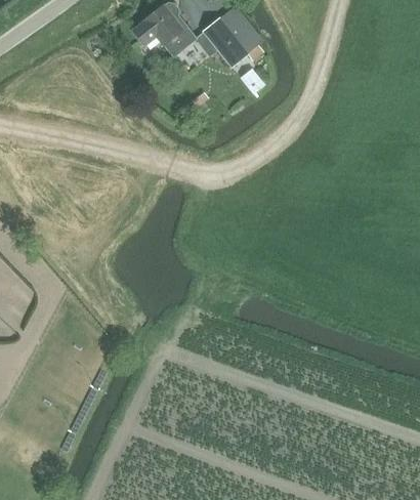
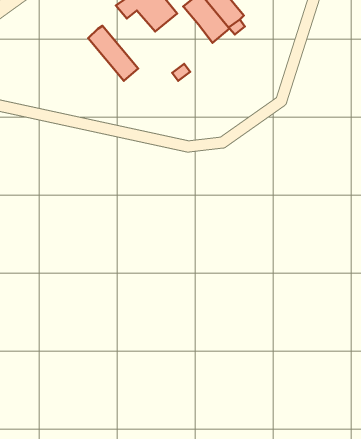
building: none -> [88,26,138,81]

